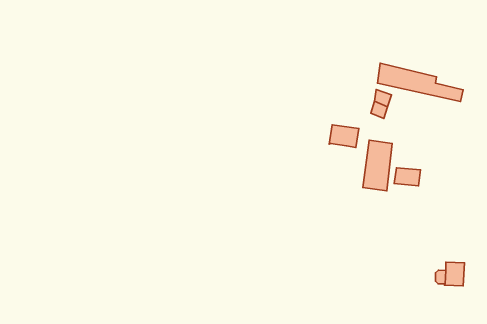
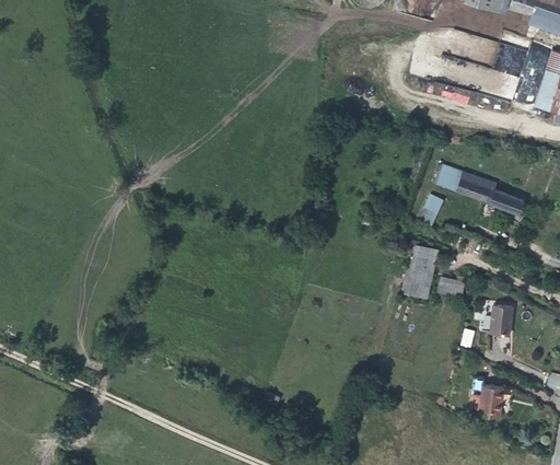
building: [329,125,359,148] -> none
building: none -> [489,302,512,333]

